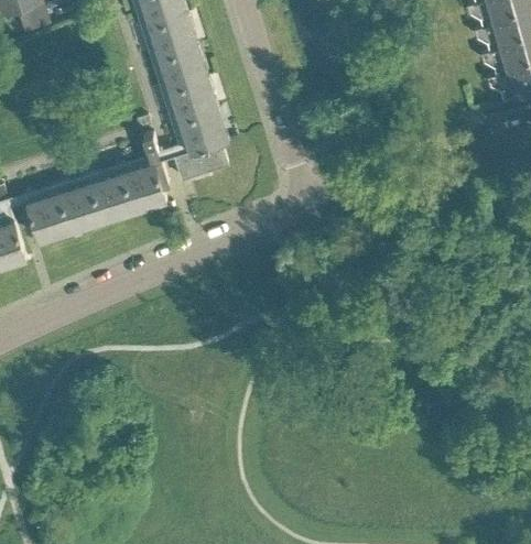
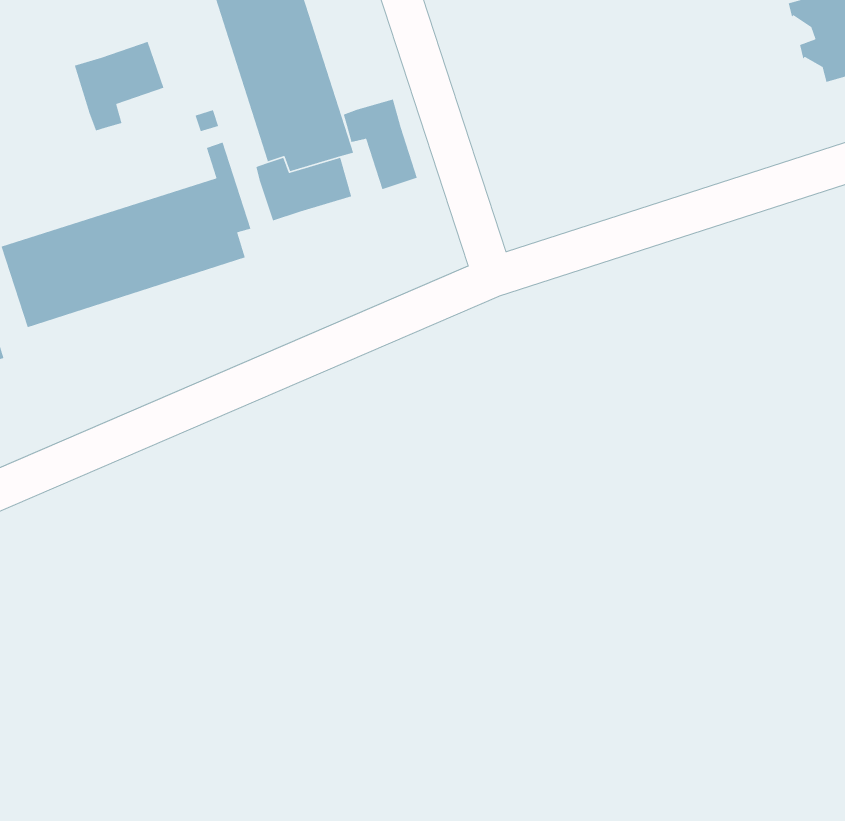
building: none -> [74,41,165,131]
building: none -> [343,99,418,190]

